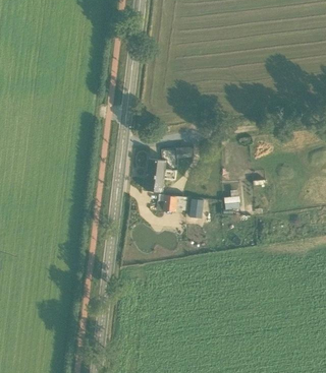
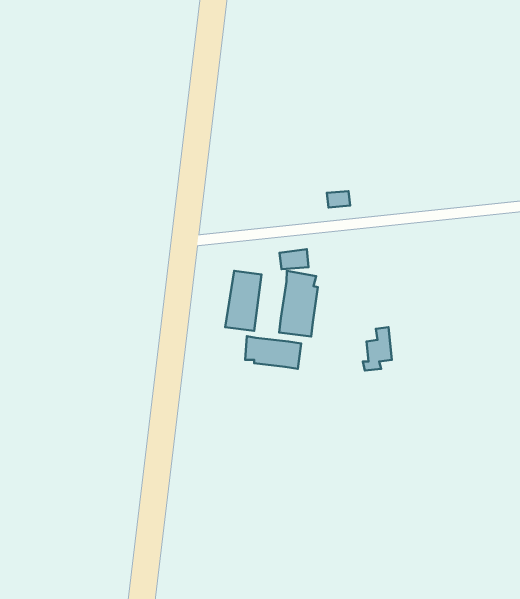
building: none -> [279,271,318,336]

